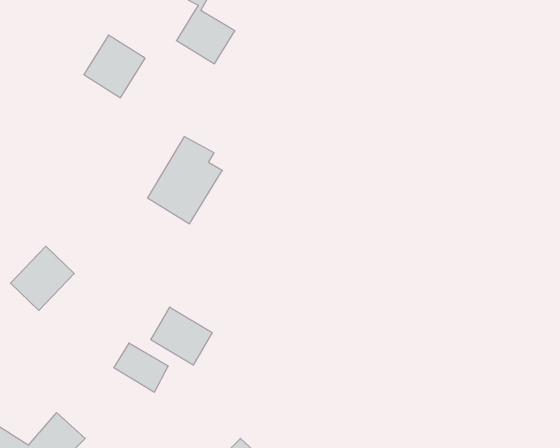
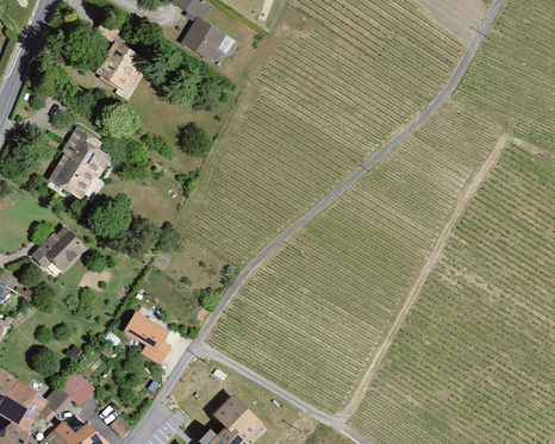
building: [147,137,222,224] -> [43,127,108,204]
building: [151,307,212,365] -> none

